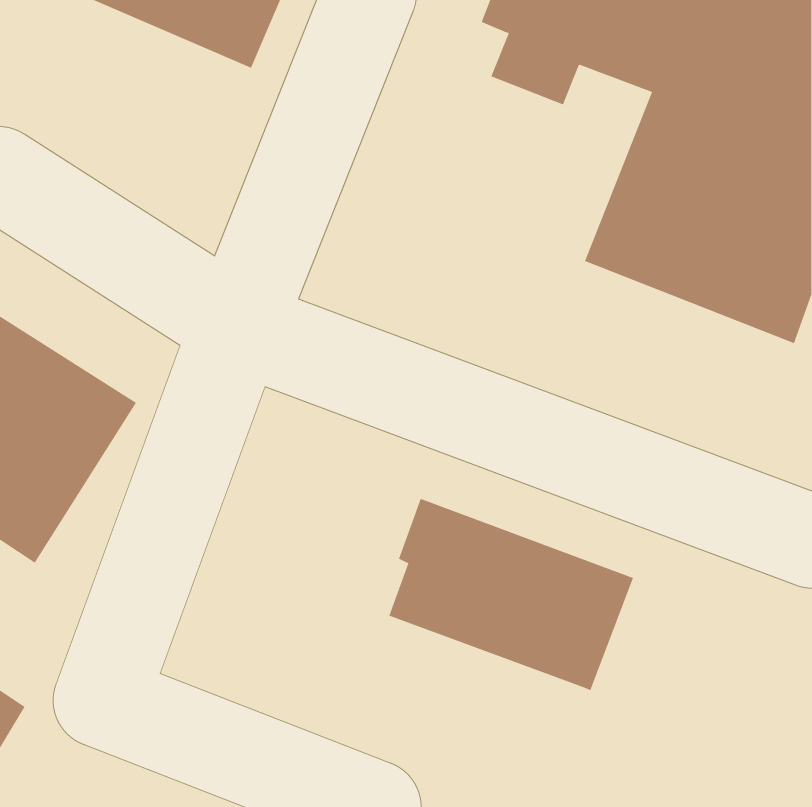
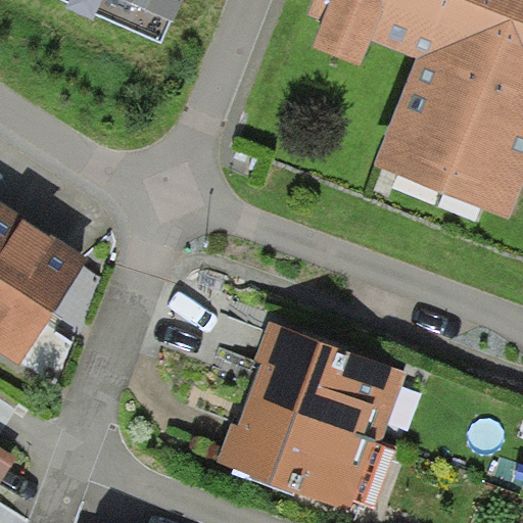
building: none -> [215,395,374,511]

